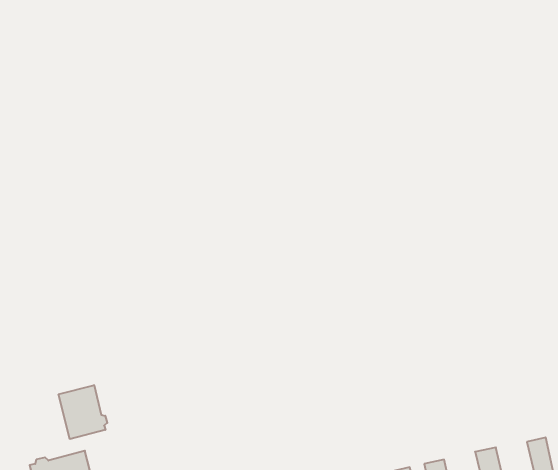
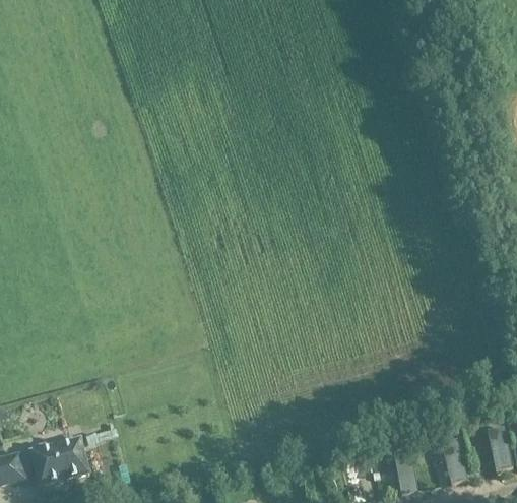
building: [59,385,107,439] -> none

